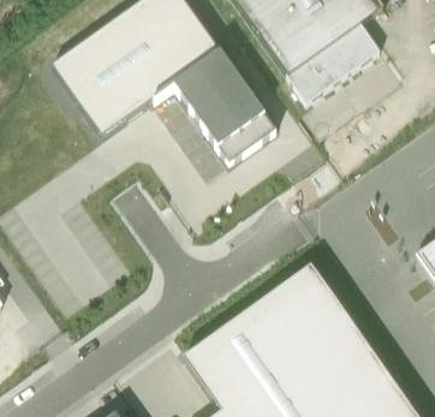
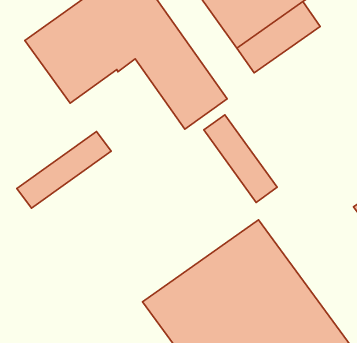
building: none -> [204,115,277,202]
building: none -> [17,131,111,208]

